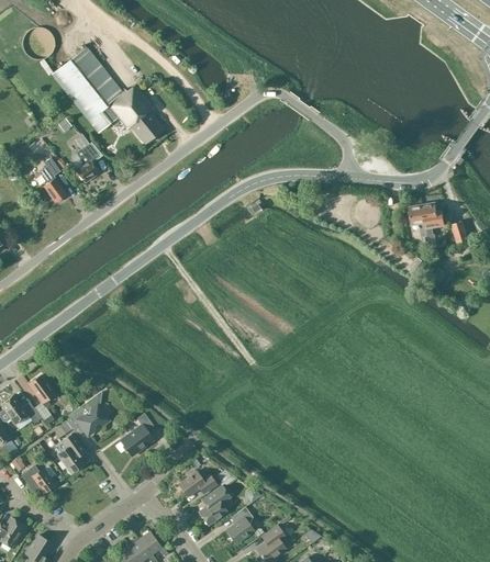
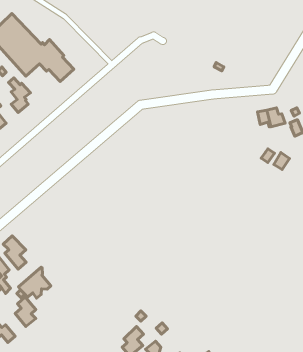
building: none -> [3,236,26,269]
building: [122,413,156,456] -> none
building: [179,471,218,496] -> none

